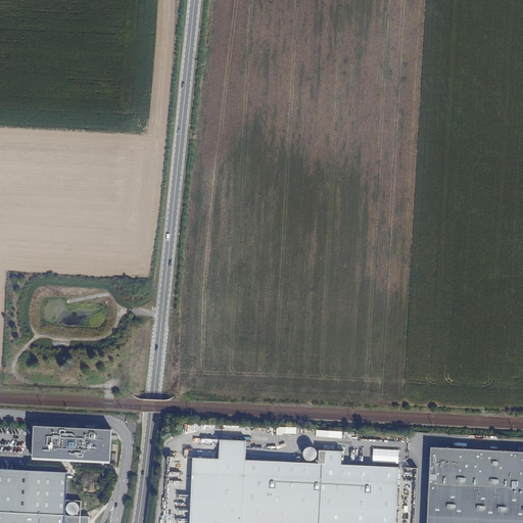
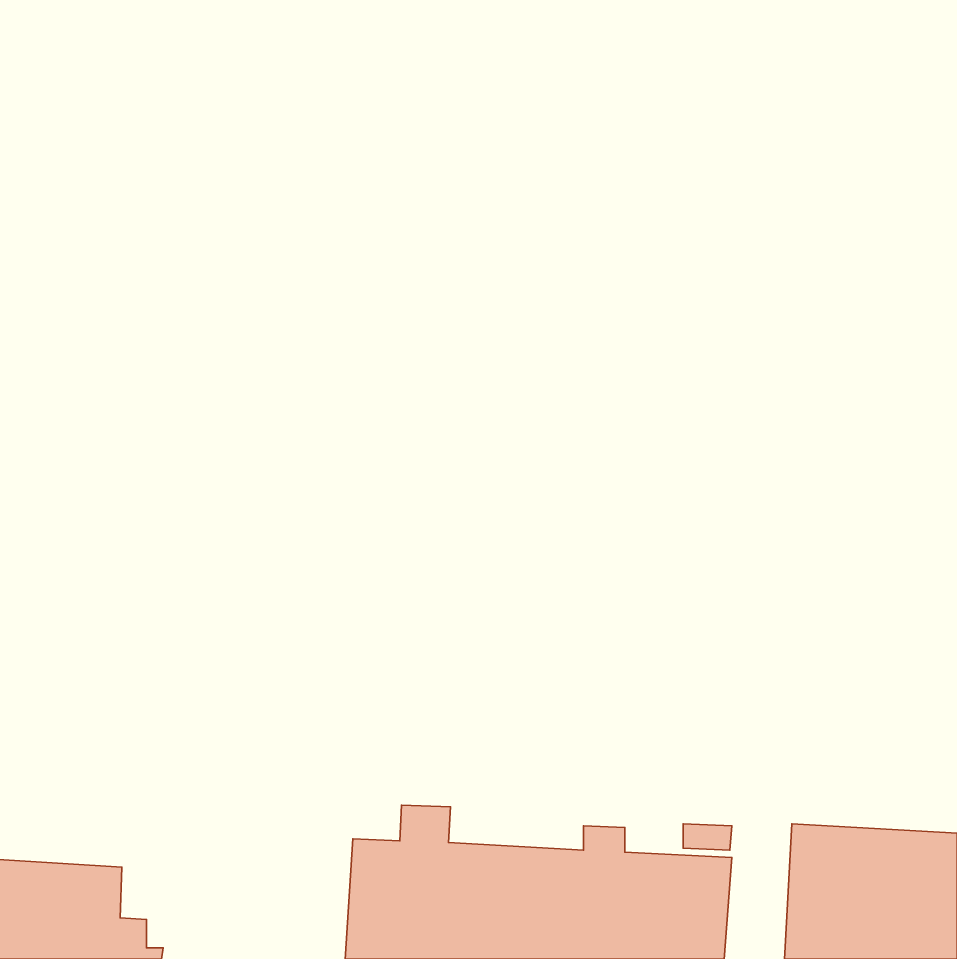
building: [32,425,111,461] -> none

